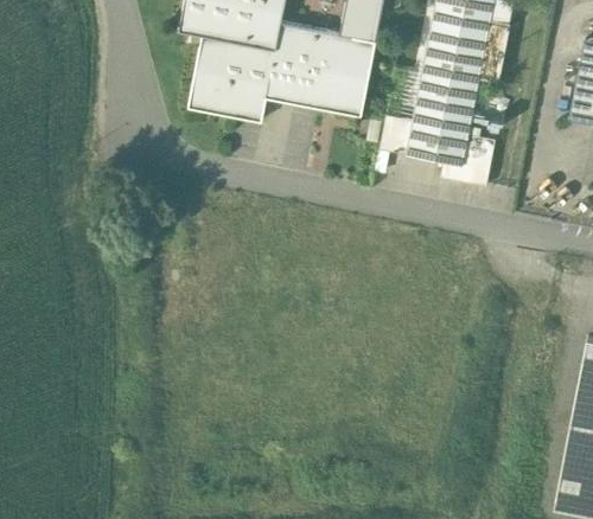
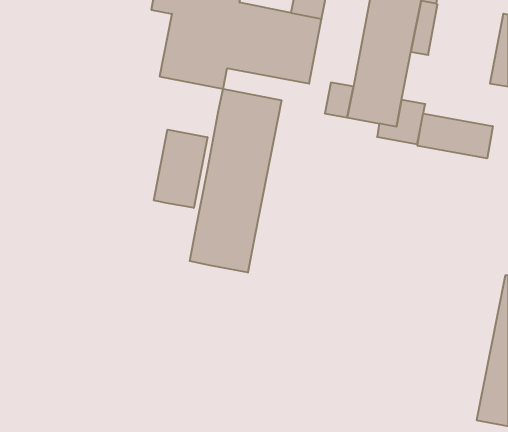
building: none -> [190,89,281,273]
building: none -> [418,114,493,158]
building: none -> [154,130,207,208]

